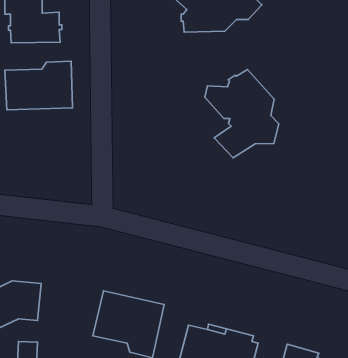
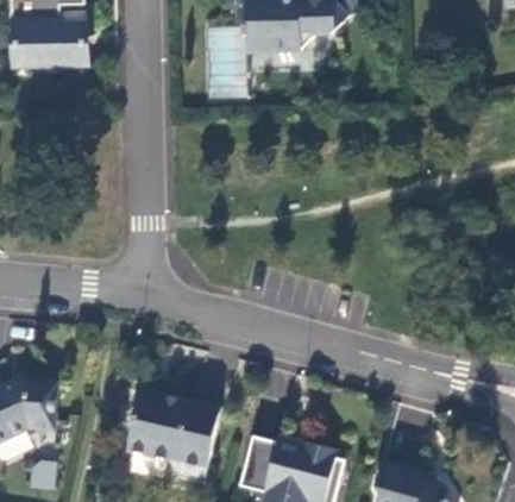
building: [5,61,72,110] -> none
building: [205,70,279,158] -> none

